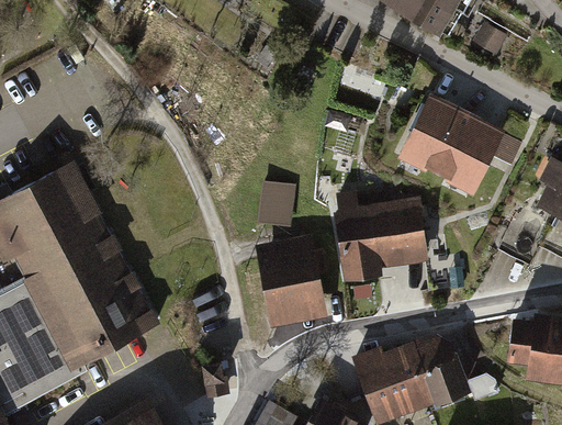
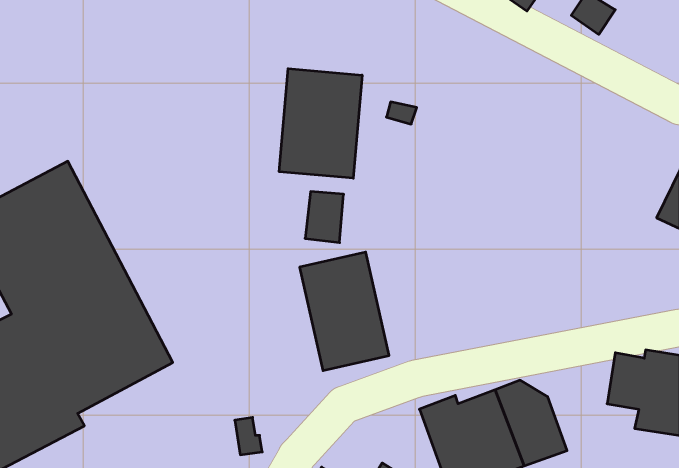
building: none -> [279,69,362,178]
building: [398,100,508,204] -> none
building: [334,191,427,286] -> none

